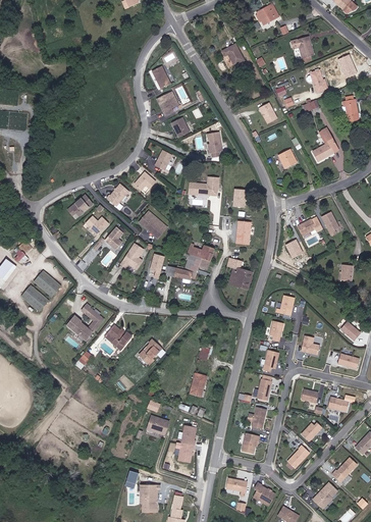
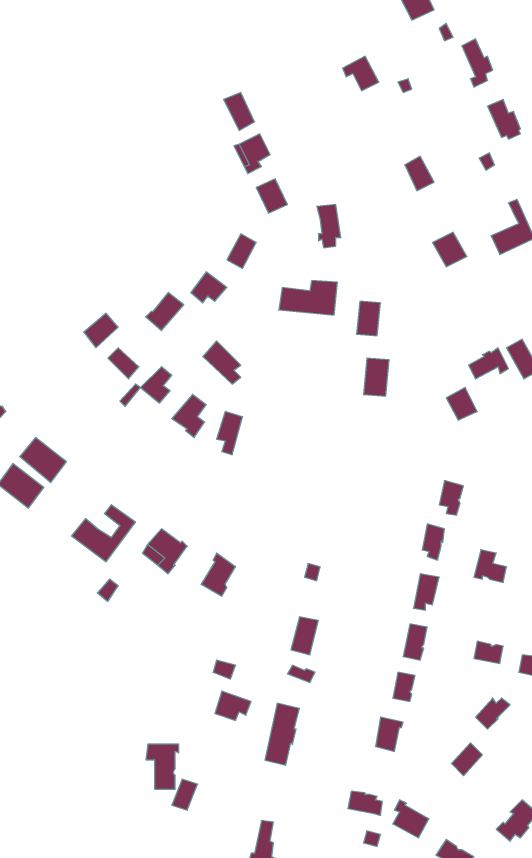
building: [165,242,213,279] -> none
building: [227,259,254,286] -> none
building: [140,484,159,511] -> [146,744,179,789]

